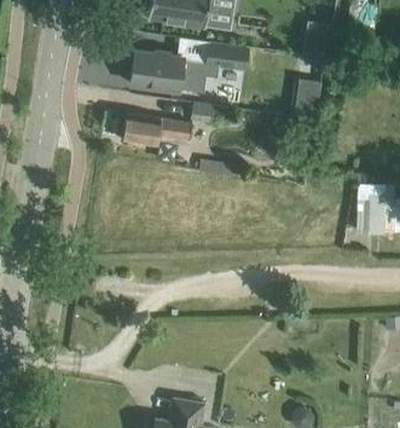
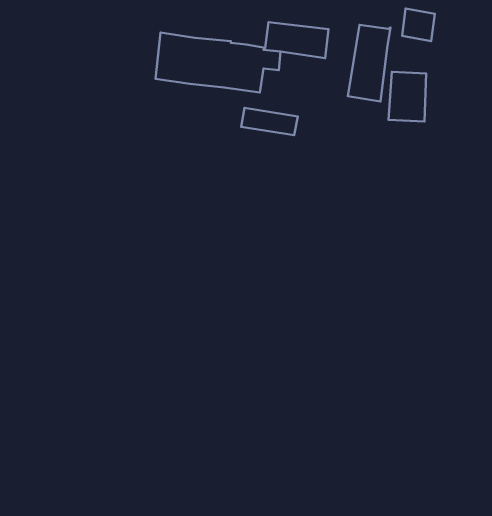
building: none -> [348,25,391,101]
building: [121,112,191,145] -> none

